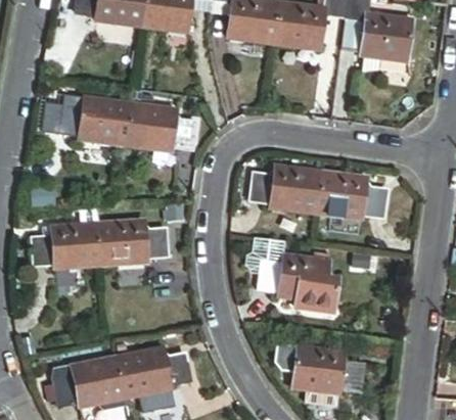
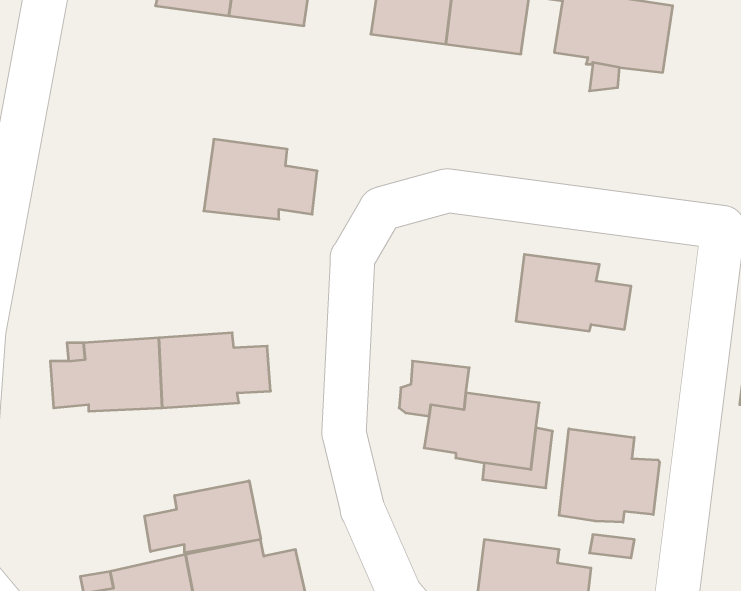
building: [59,95,132,145] -> none
building: [250,166,322,213] -> none
building: none -> [559,429,659,522]
building: none -> [145,481,261,553]

